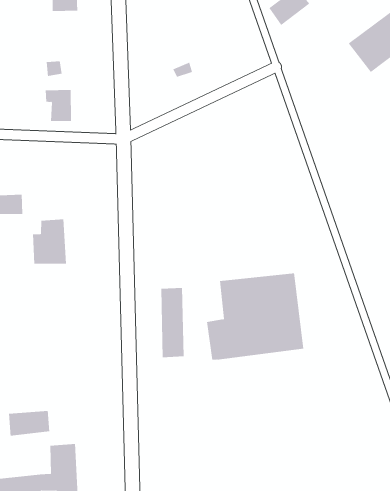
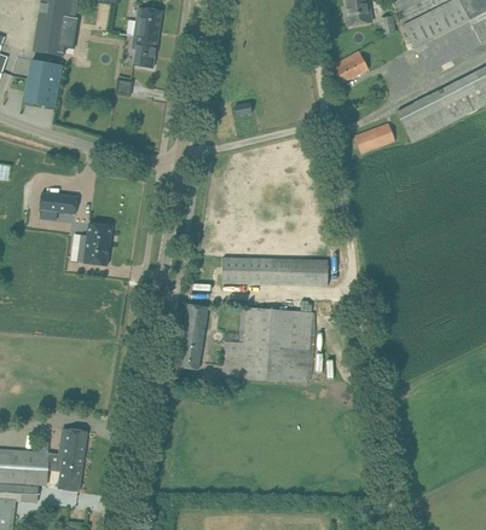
building: none -> [354,123,394,154]
building: [45,89,72,121] -> [132,35,157,68]
building: none -> [222,257,328,284]
building: [8,410,50,437] -> none

